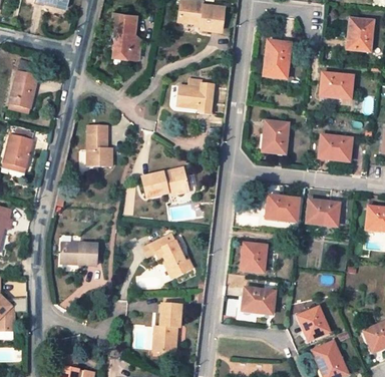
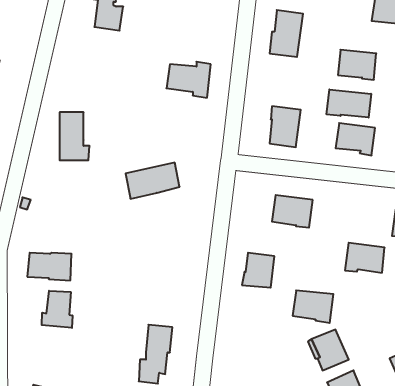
building: none -> [327,89,371,118]
building: [306,199,339,224] -> [345,243,385,273]
building: [142,233,193,275] -> none
building: none -> [42,291,72,328]
building: [242,287,276,314] -> [293,290,333,323]

